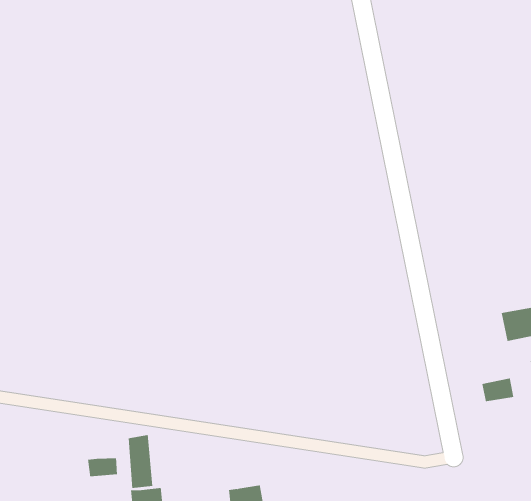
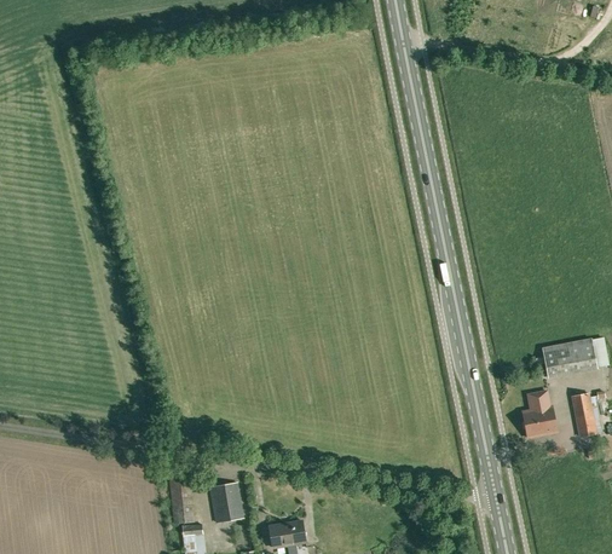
building: none -> [521,389,552,419]
building: none -> [209,481,242,521]
building: [87,457,118,477] -> none

